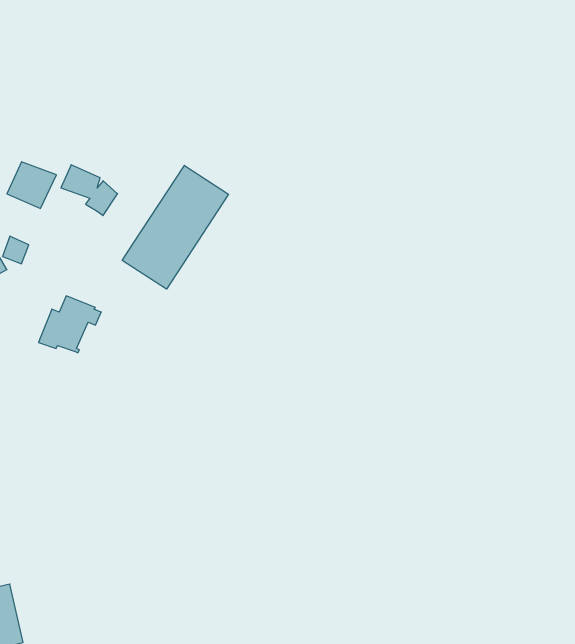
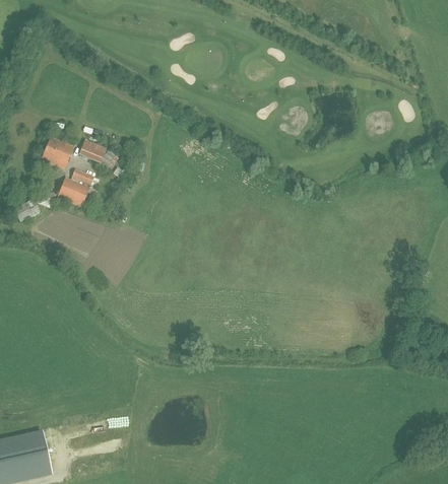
building: [122,165,229,289] -> none
building: [39,296,101,353] -> [56,167,100,207]

